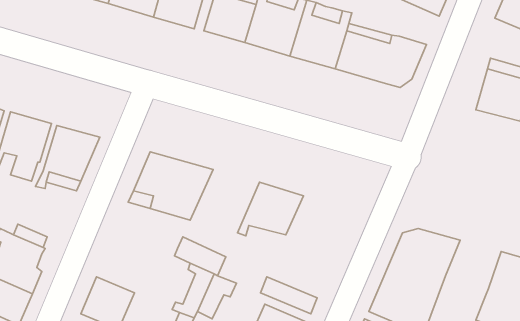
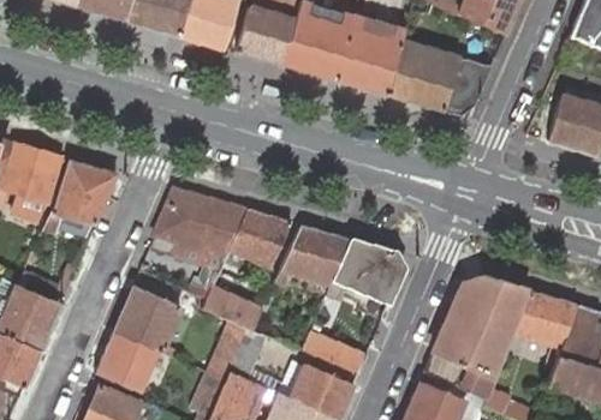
building: none -> [215,209,291,284]
building: none -> [325,239,404,301]
building: none -> [113,284,180,356]
building: none -> [512,289,576,344]

